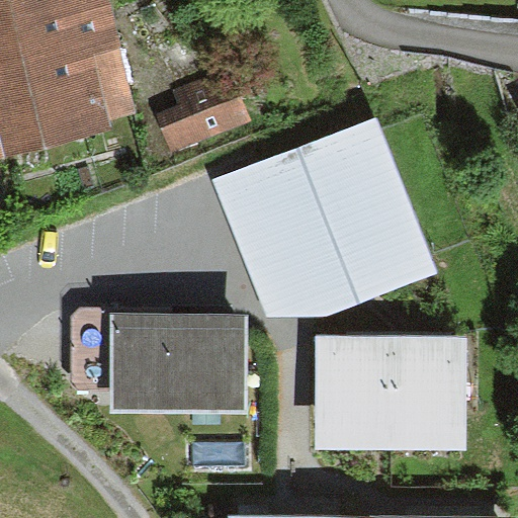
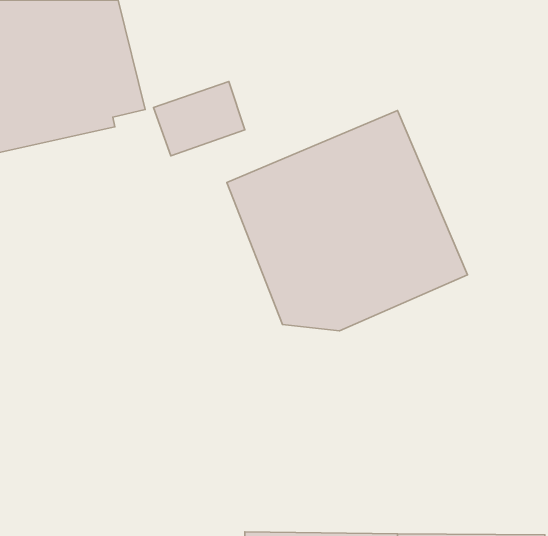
building: [72,313,243,409] -> none
building: [319,337,463,445] -> none

